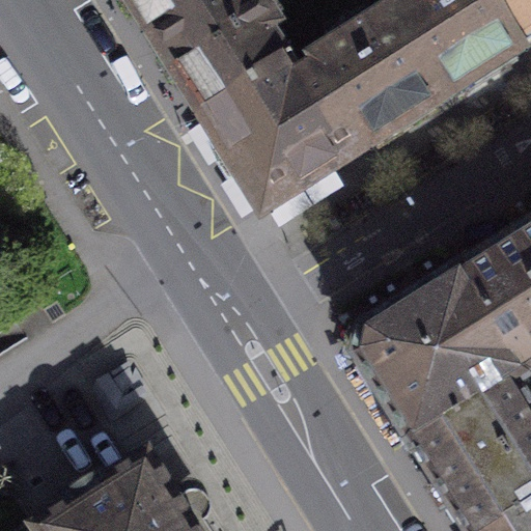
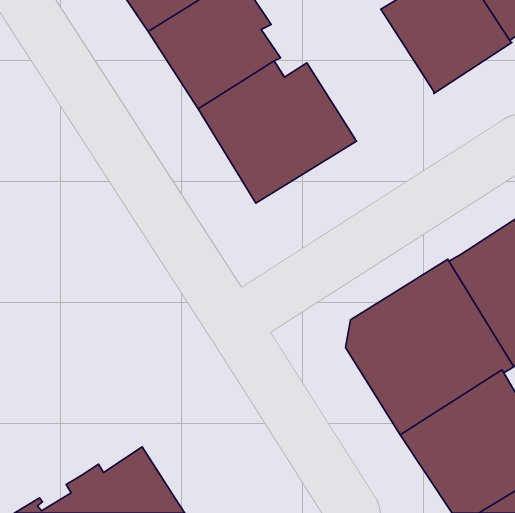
building: [313,9,447,144] -> none

